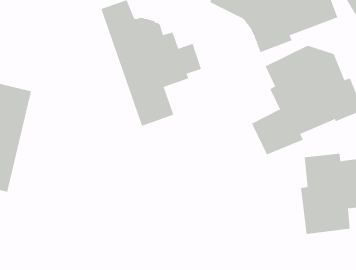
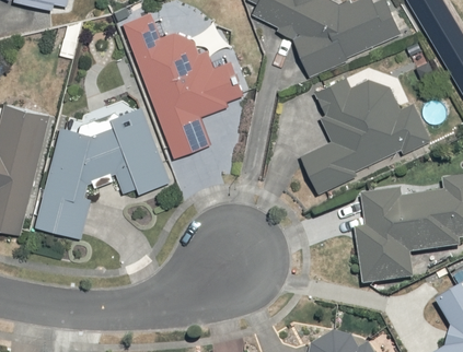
building: none -> [35,108,171,237]

